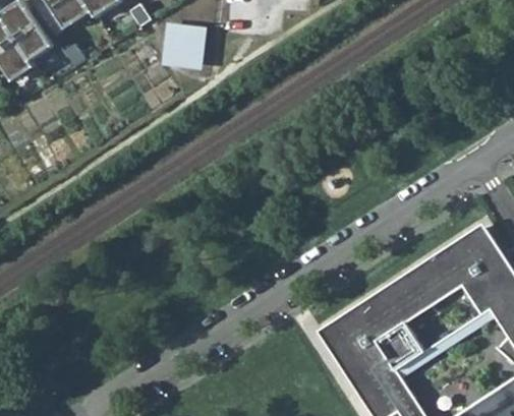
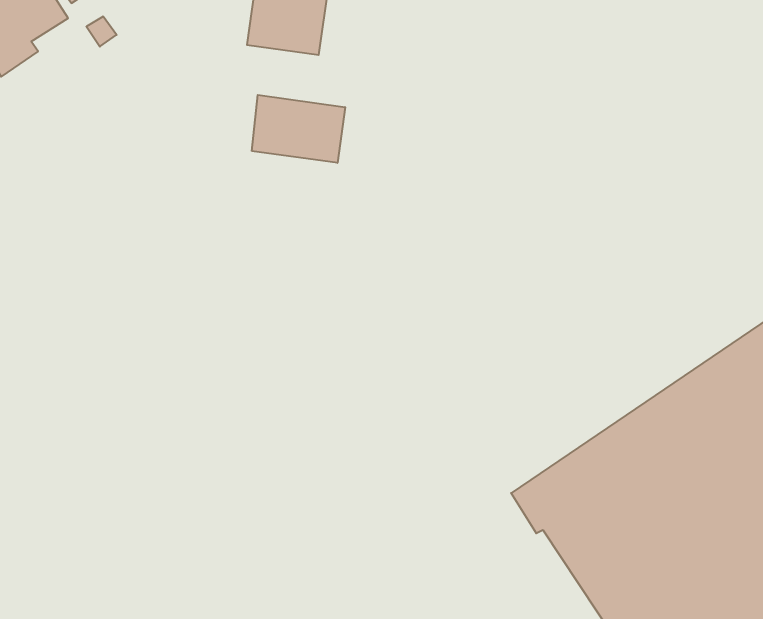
building: none -> [252,95,345,163]

